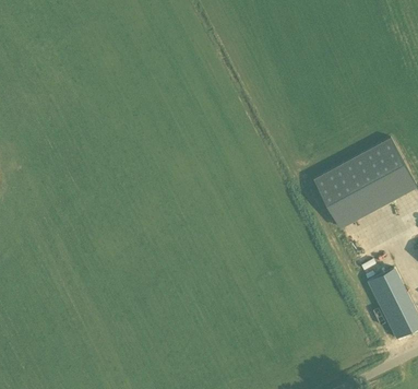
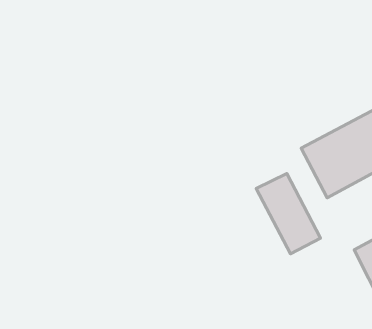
building: none -> [256,173,321,254]

